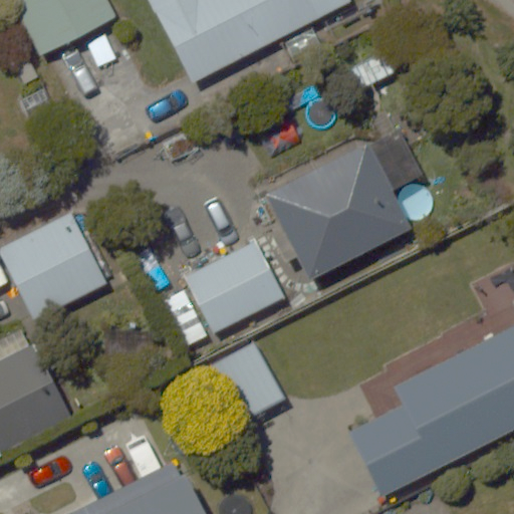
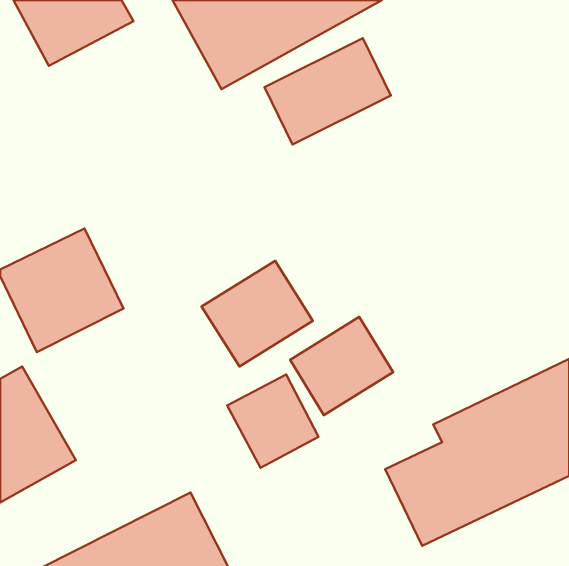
building: none -> [265,38,391,145]
building: [269,144,414,279] -> none
building: none -> [290,317,393,415]

